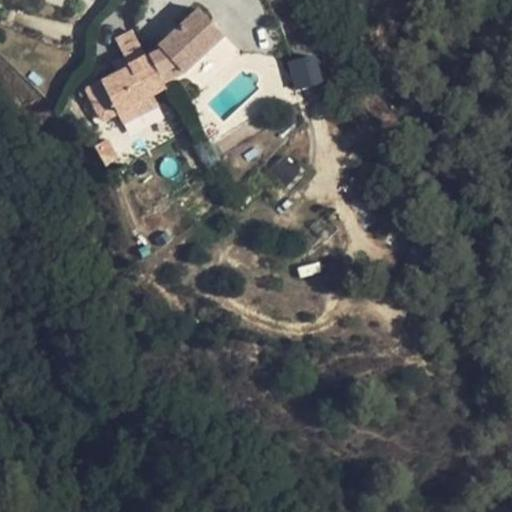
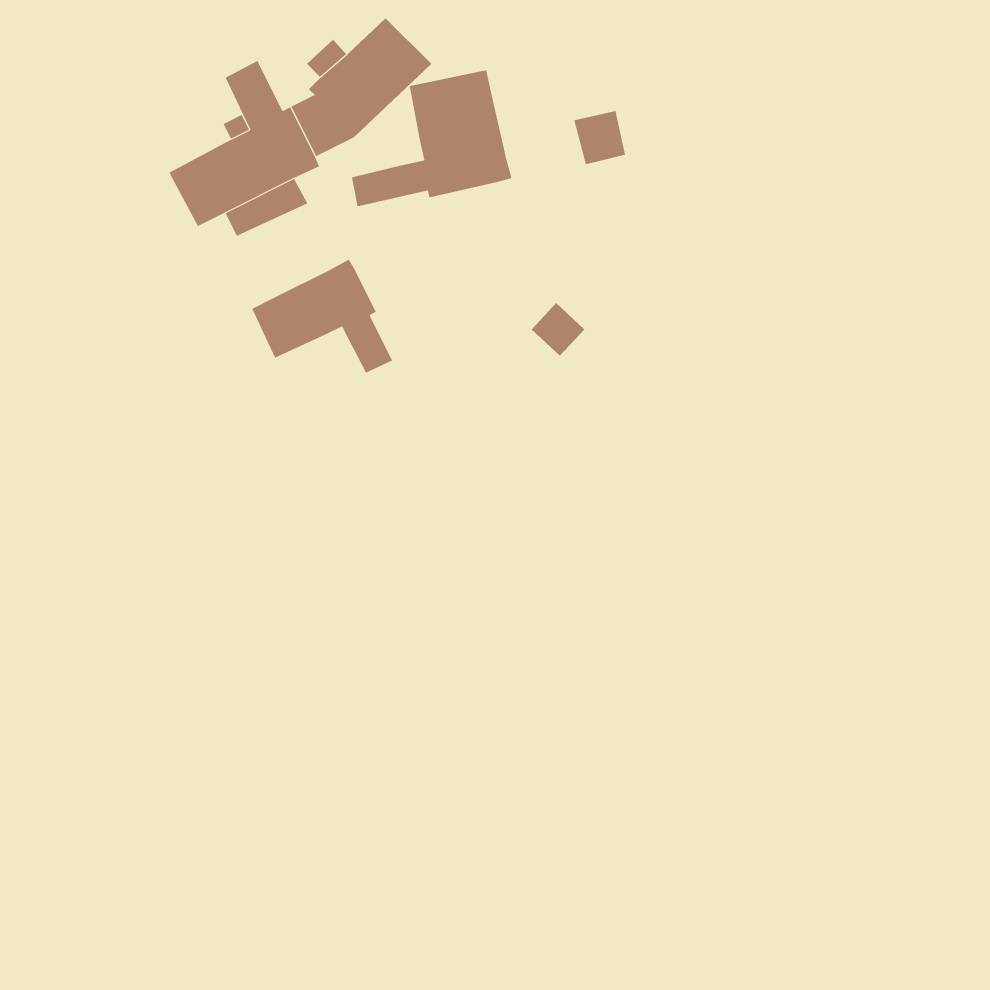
building: none -> [351,70,512,207]
building: none -> [251,259,393,373]

